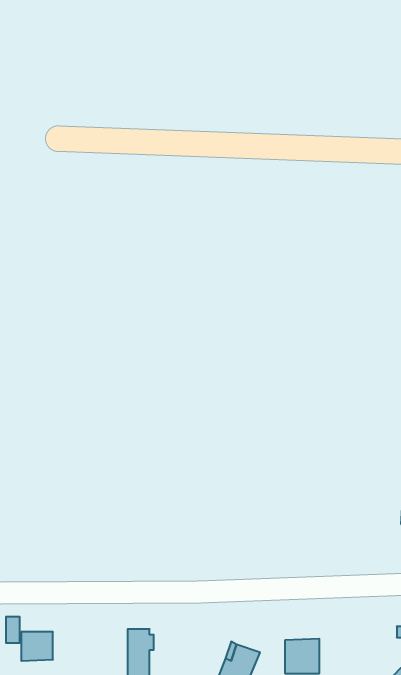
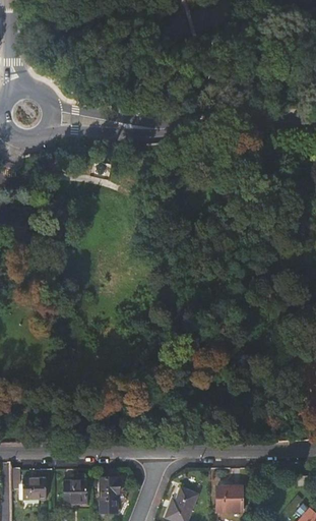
building: none -> [66,480,87,502]

